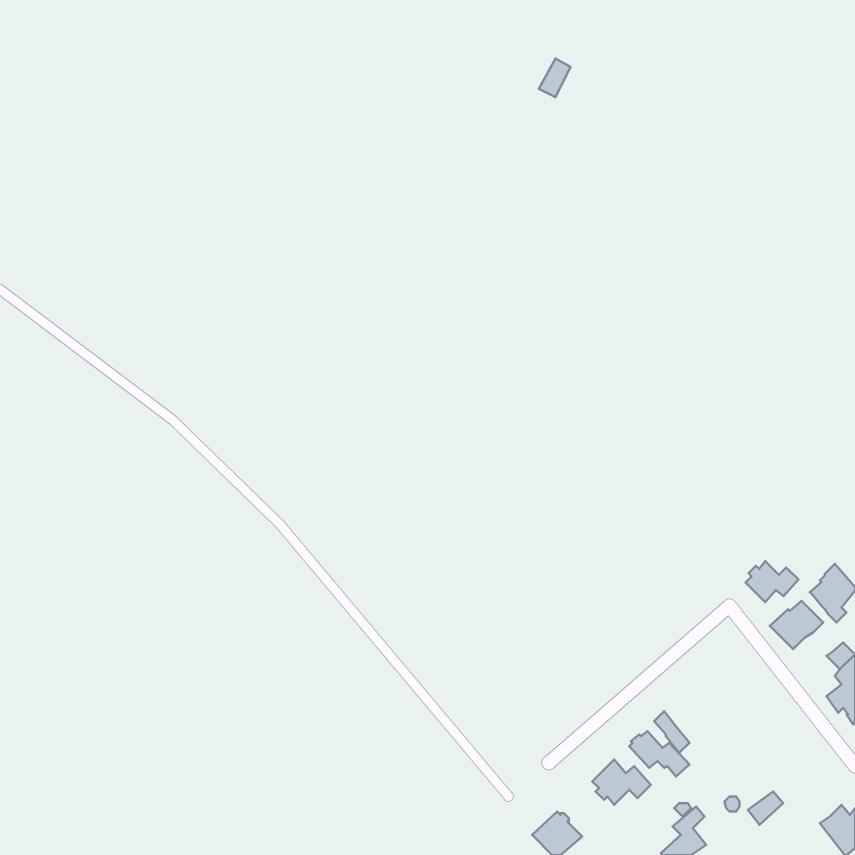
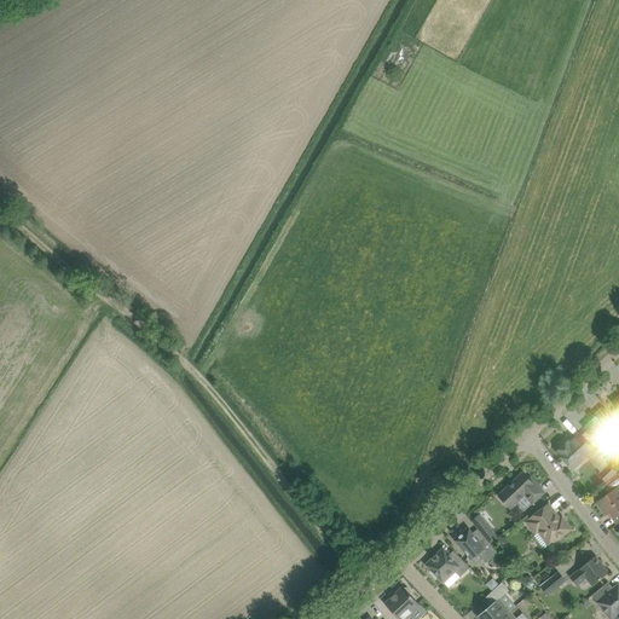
building: [745,561,799,602] -> none
building: none -> [498,473,544,508]
building: none -> [528,504,571,545]
building: none -> [571,557,609,585]

